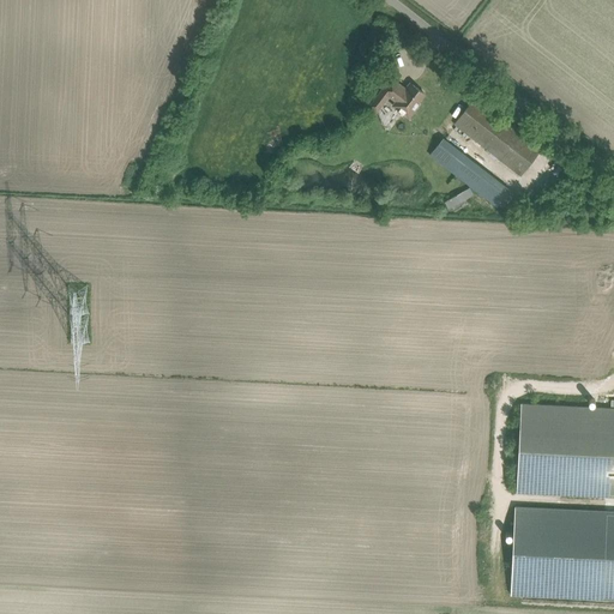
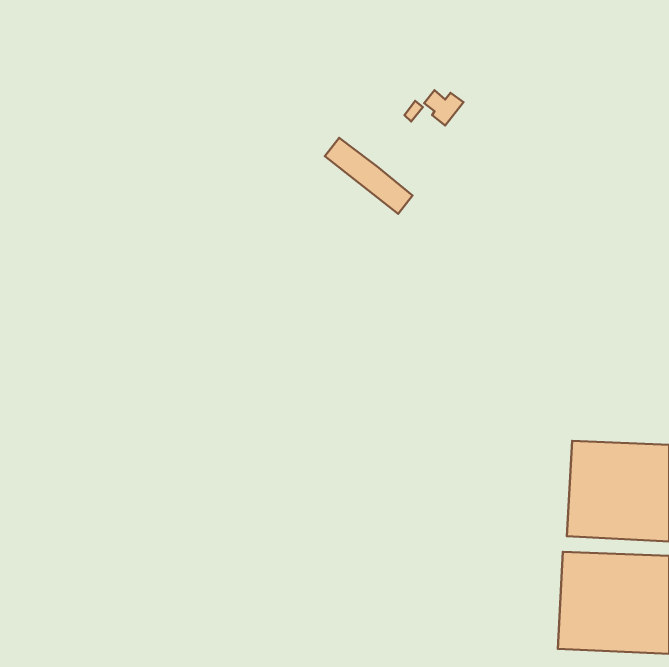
building: [455,97,542,177] -> none
building: [431,139,511,209] -> [325,138,413,214]

